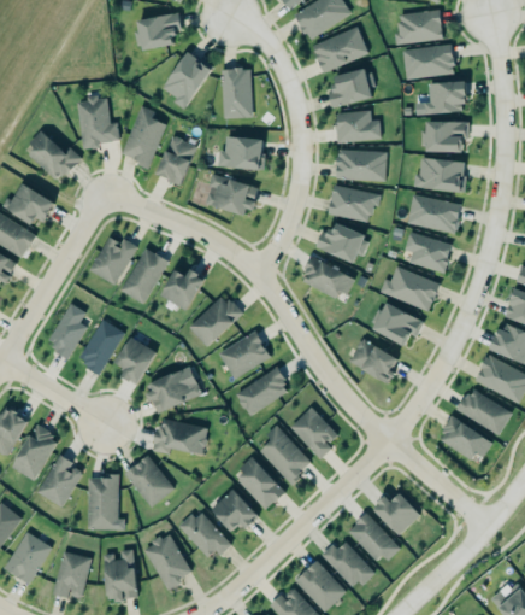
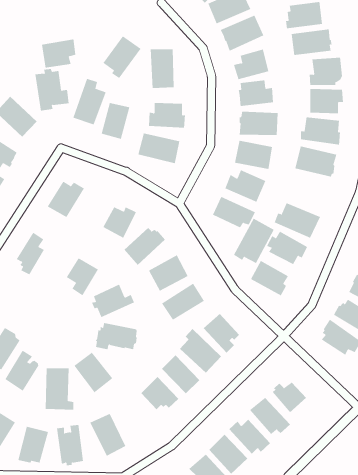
building: [136,13,181,51] -> [41,39,76,68]
building: [403,230,450,273] -> none
building: [118,247,169,304] -> none
building: none -> [233,218,275,264]
building: [77,323,125,374] -> none
building: [181,510,231,561] -> none

